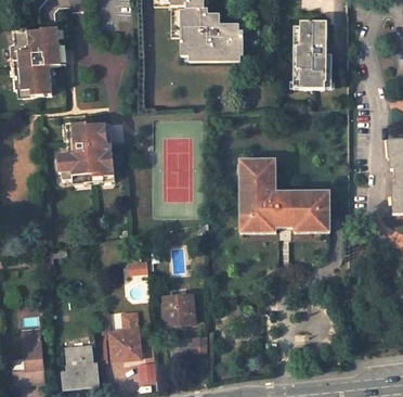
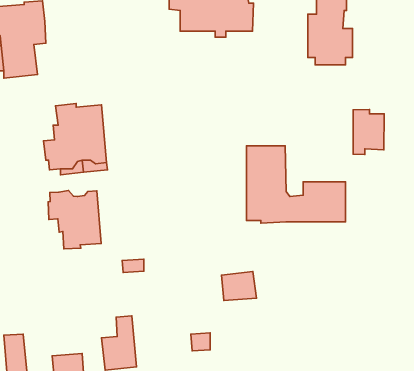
building: none -> [353,109,384,155]
building: none -> [48,190,101,249]
building: [164,296,195,322] -> [221,272,256,301]

